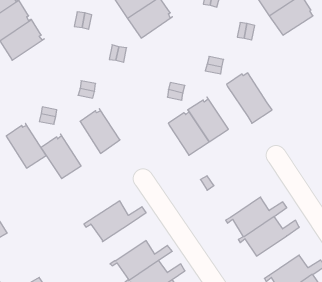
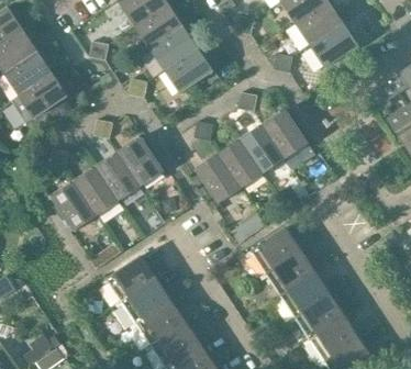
building: none -> [164,46,212,92]
building: none -> [18,71,67,118]
building: none -> [238,125,285,174]
building: none -> [116,137,163,186]
building: [6,123,46,168] -> [73,165,118,215]
building: none -> [245,228,314,273]
building: none -> [114,278,185,323]
building: none -> [289,294,358,339]

